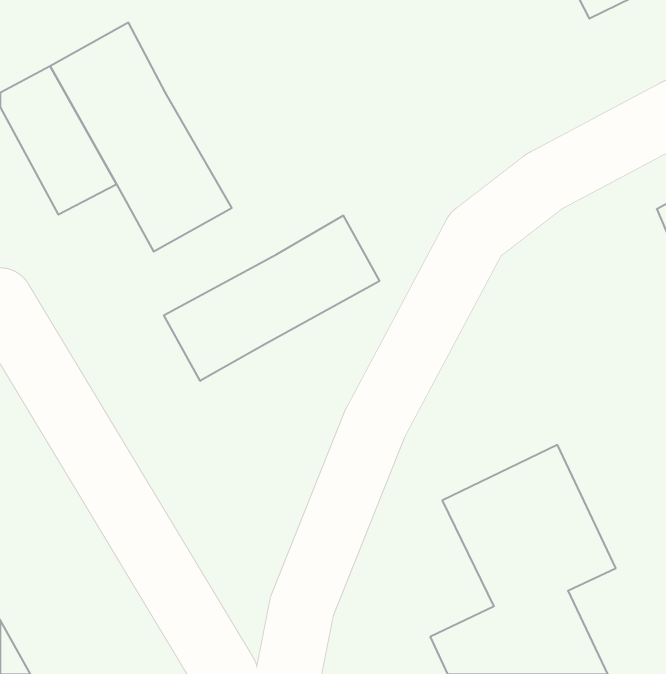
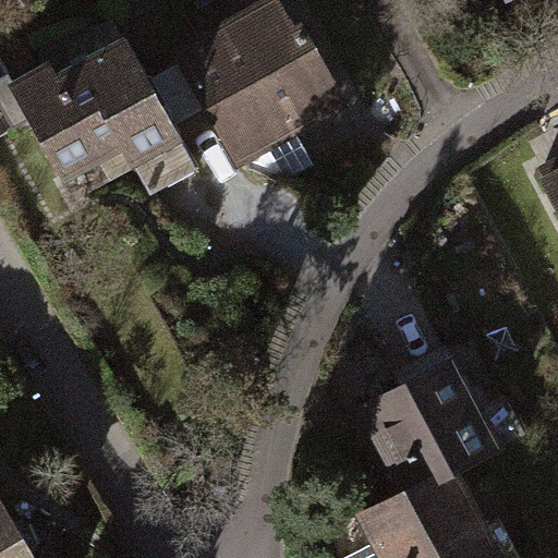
building: none -> [145,5,332,184]
building: [164,215,379,381] -> none

